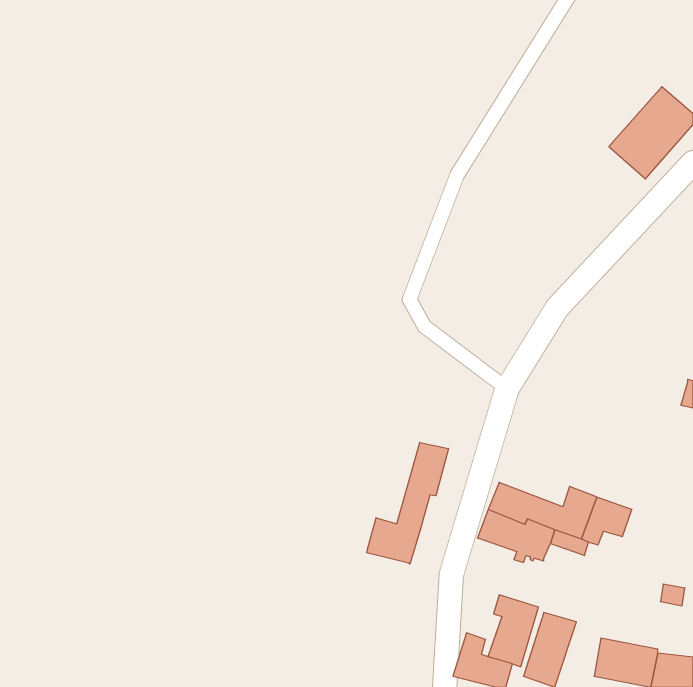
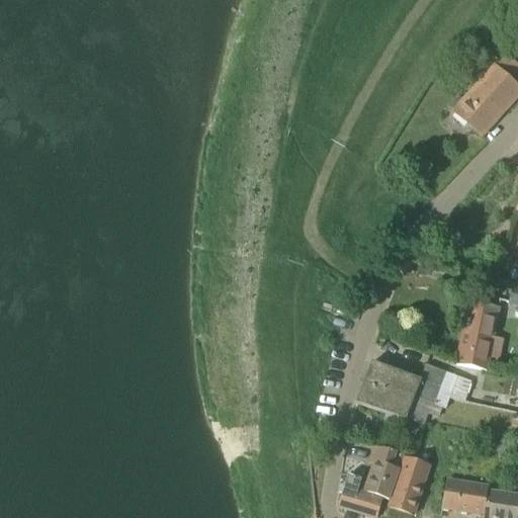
building: none -> [456,300,505,369]
building: [367,442,448,564] -> none

